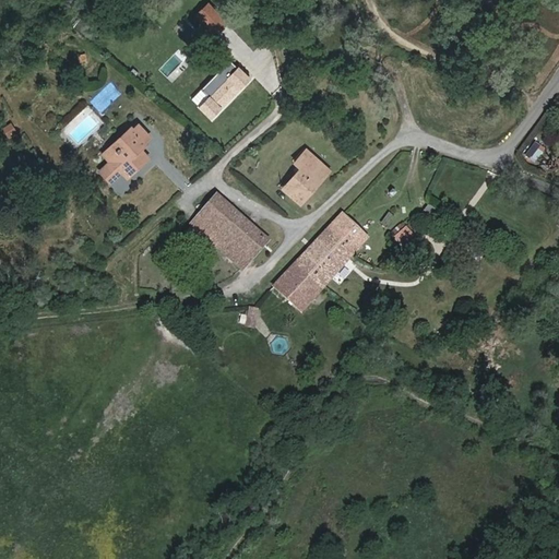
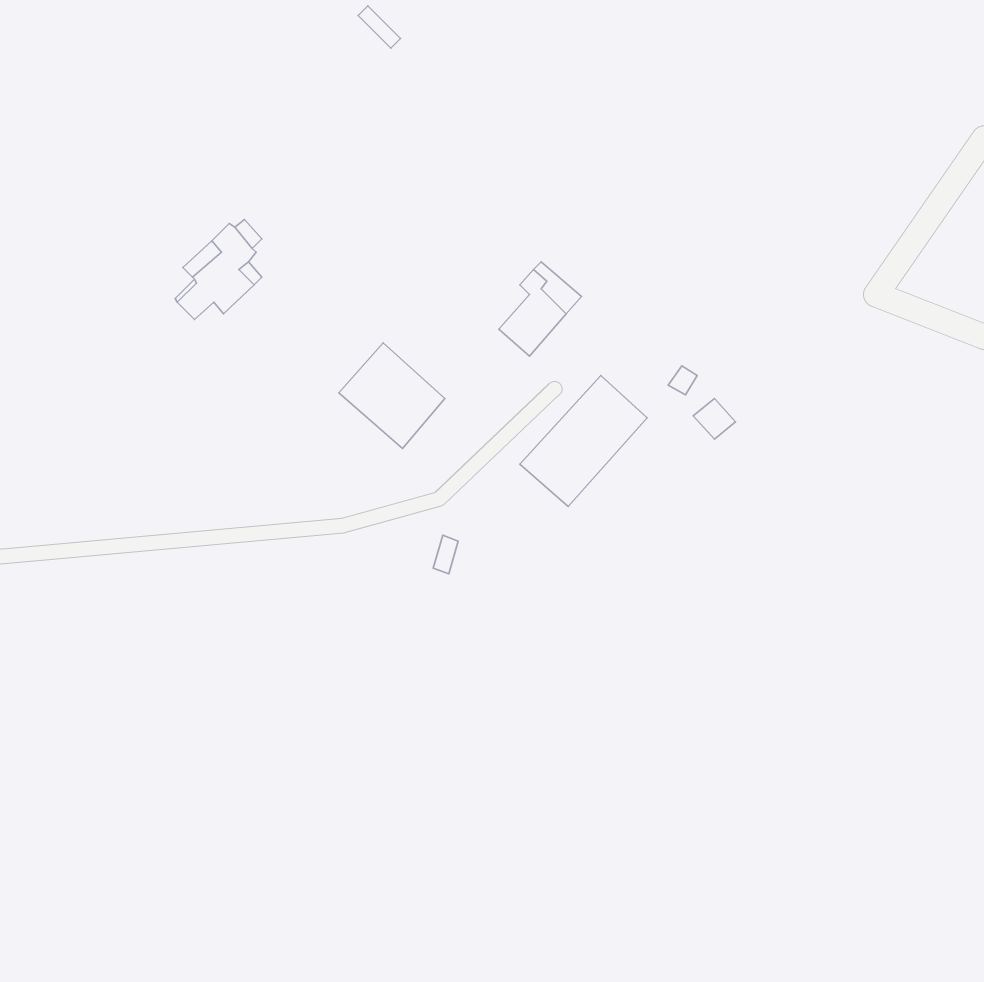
building: [199,61,250,118] -> none
building: [228,226,267,267] -> none
building: [273,263,322,311] -> none

